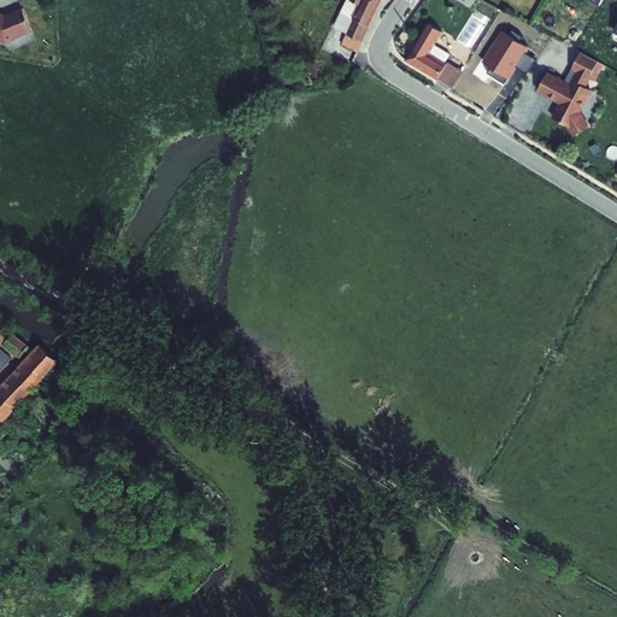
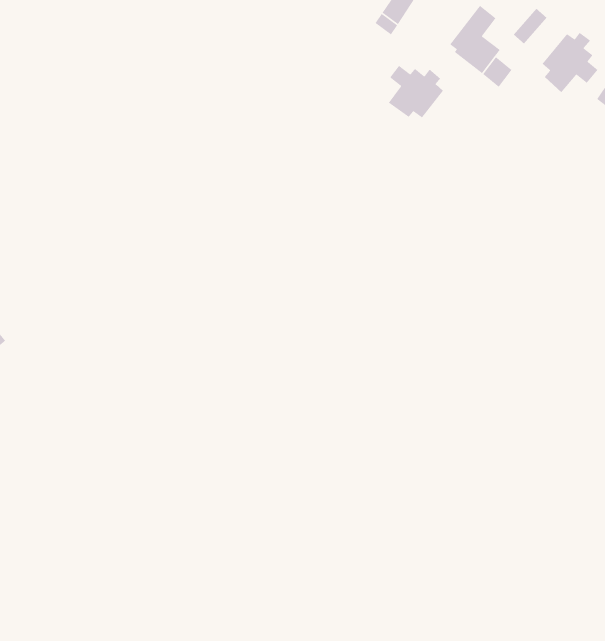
building: none -> [388,65,444,119]

